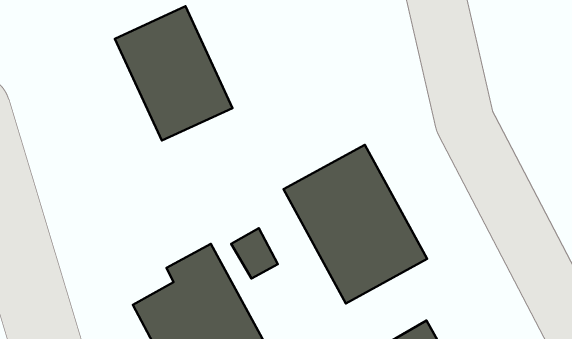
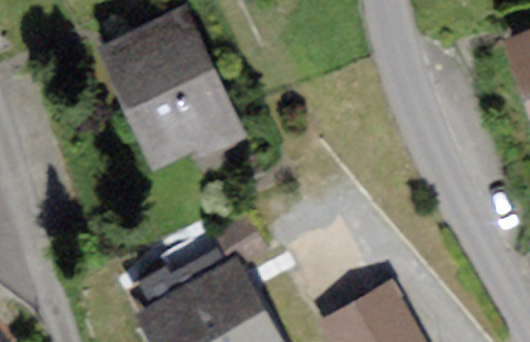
building: [284,145,427,303] -> none

